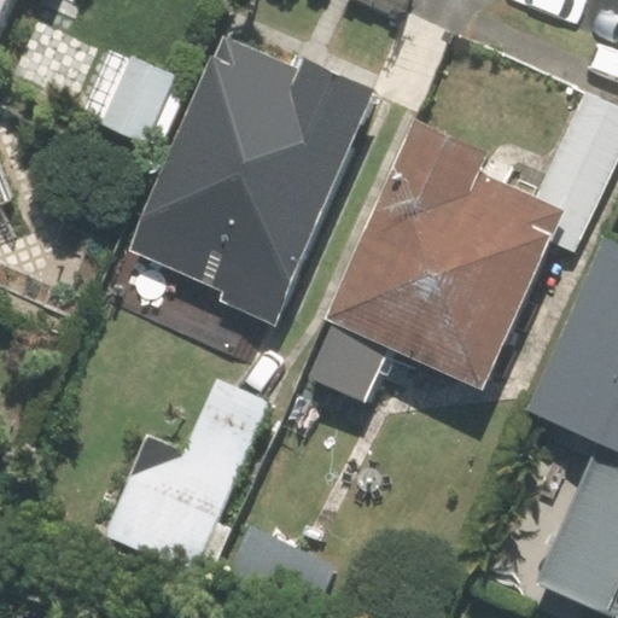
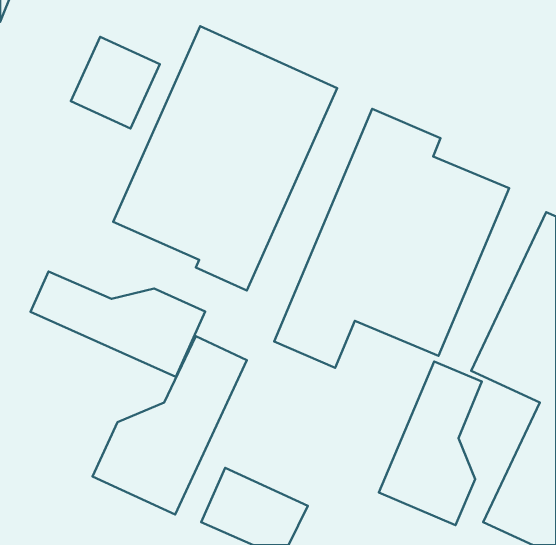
building: none -> [30,271,205,377]
building: none -> [379,361,482,525]

